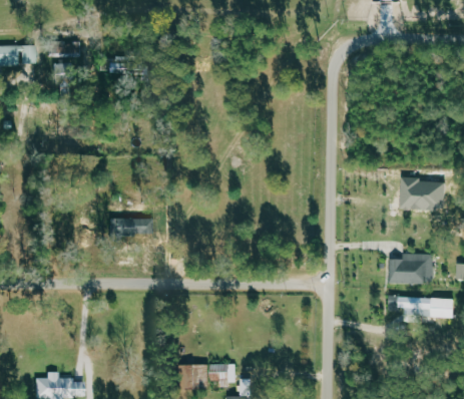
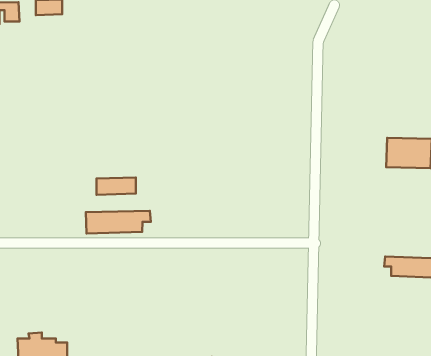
building: none -> [86,211,151,233]
building: [388,254,433,284] -> none
building: [176,363,237,390] -> none

